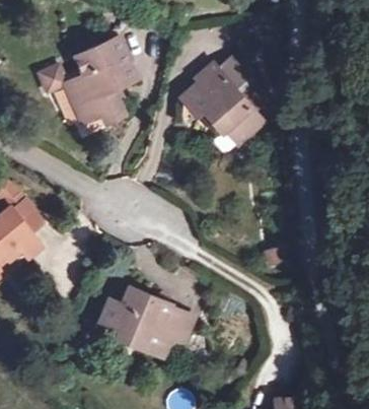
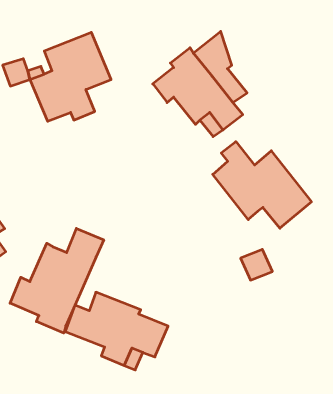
building: none -> [213,142,311,228]
building: none -> [10,228,104,333]

